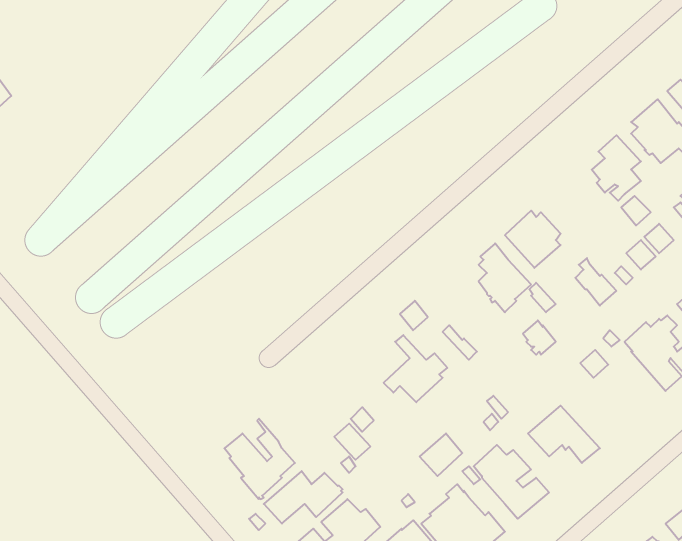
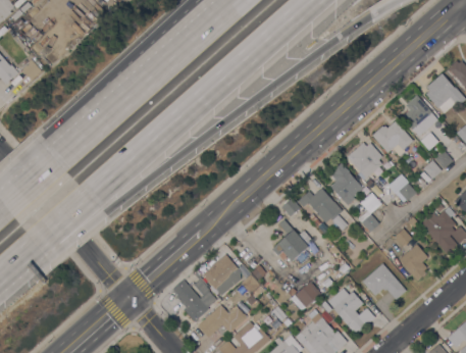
building: none -> [371,120,413,156]
building: none -> [297,188,347,230]
building: none -> [399,244,427,280]
building: none -> [201,254,241,295]

